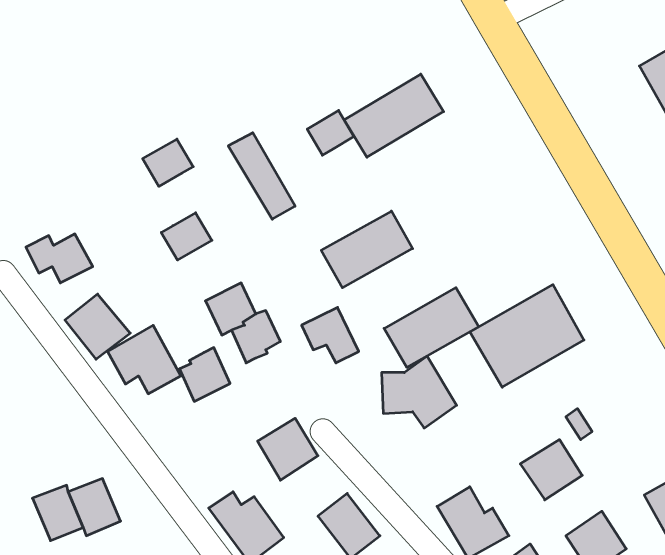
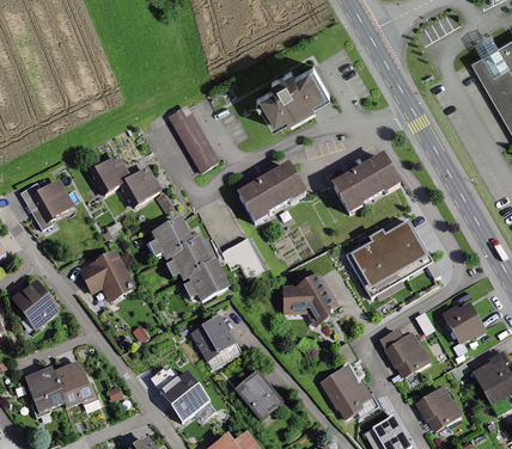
building: [307,110,354,155] -> none
building: [143,139,193,186] -> [92,156,129,191]
building: [384,288,479,367] -> [330,155,400,214]
building: [65,294,130,359] -> [12,279,60,327]
building: [180,348,230,401] -> [190,258,227,297]
building: none -> [446,305,483,343]

